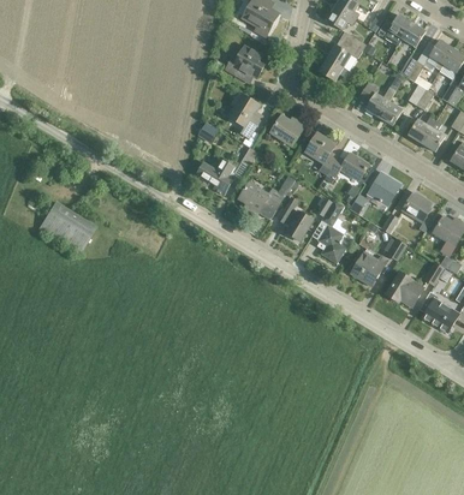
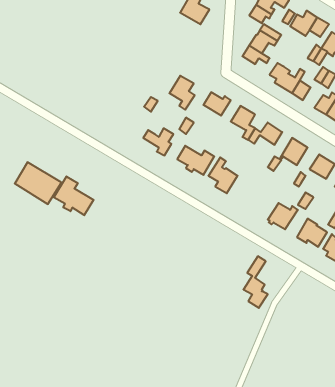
building: [225,46,267,78] -> none
building: [316,199,346,263] -> [243,256,268,308]
building: none -> [54,176,94,215]

